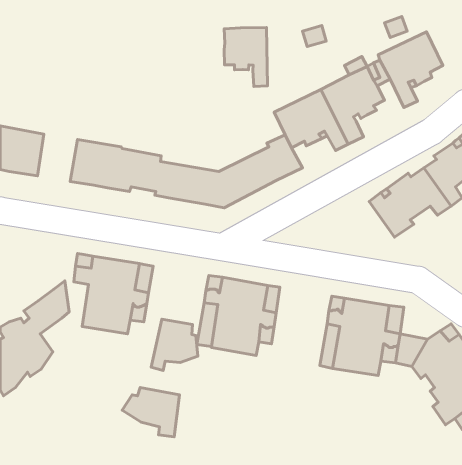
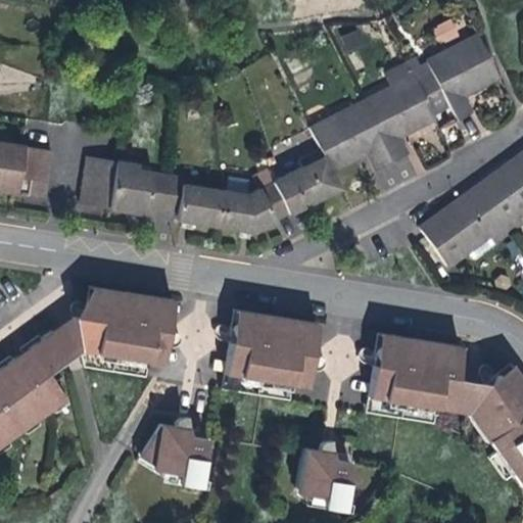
building: [224,28,268,86] -> none
building: none -> [77,315,103,366]
building: [151,319,198,370] -> none
building: none -> [300,460,352,515]

